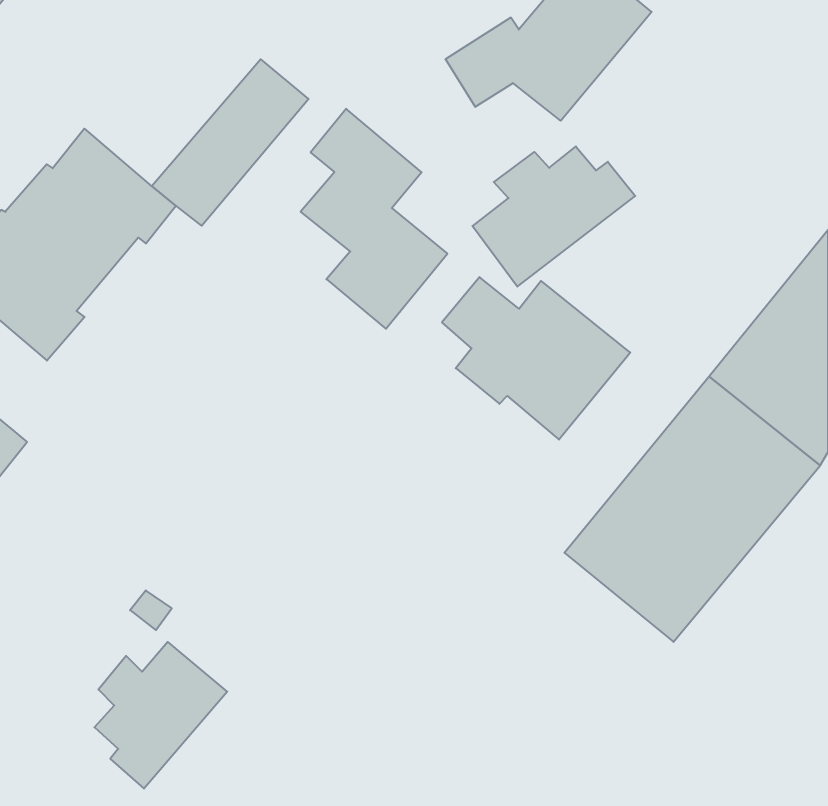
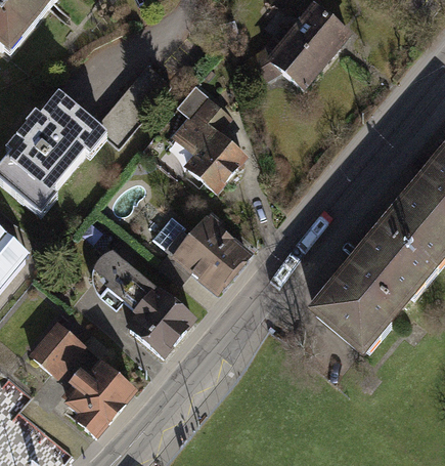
building: [472,146,635,287] -> none
building: [442,277,630,440] -> [152,209,250,293]
building: none -> [90,250,193,346]
building: none -> [33,321,80,370]

